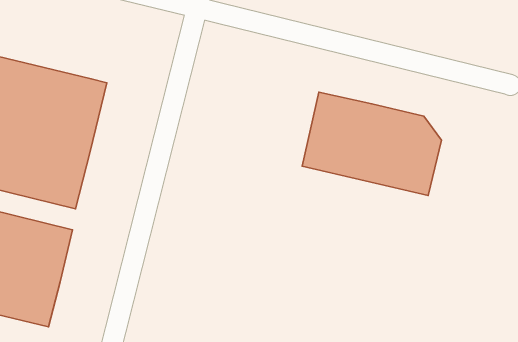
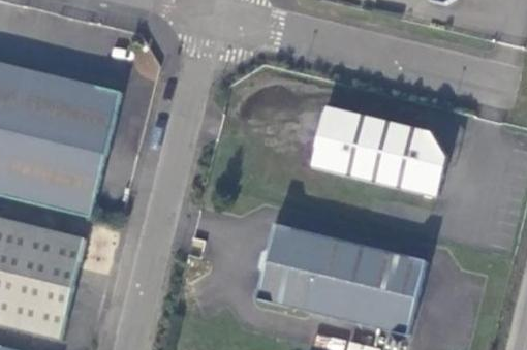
building: none -> [258,225,427,332]

